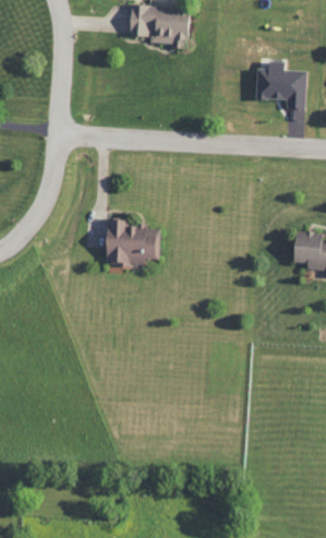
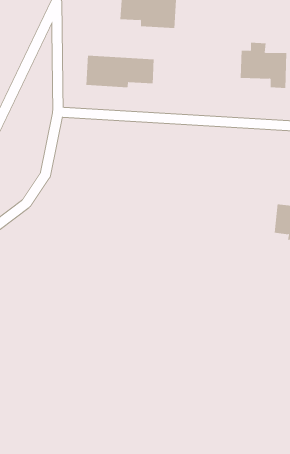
building: none -> [86,55,154,88]
building: [104,219,160,265] -> none

